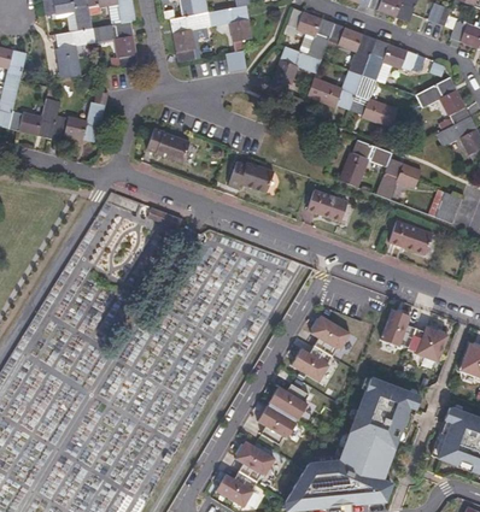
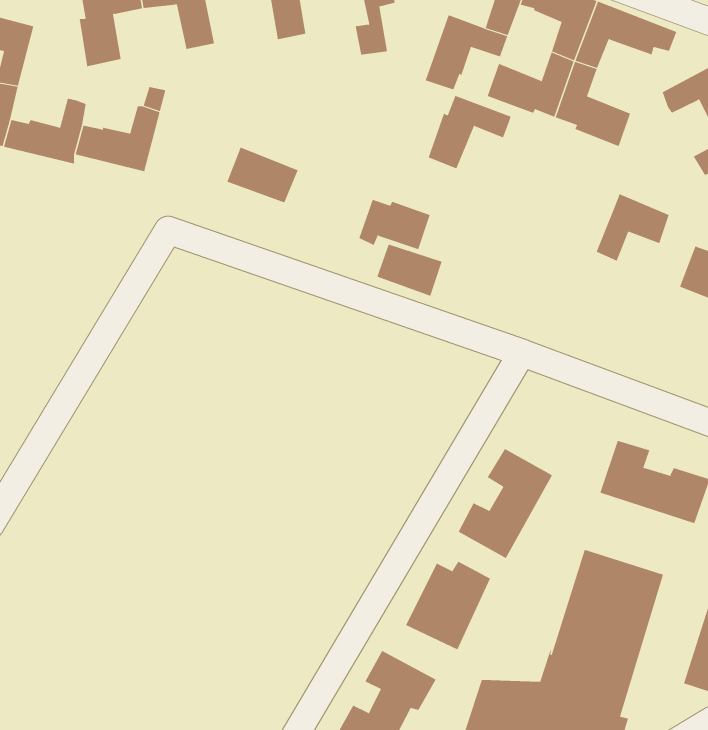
building: [339,140,391,186] -> [428,95,511,169]
building: [306,189,347,222] -> [376,244,443,296]
building: [388,220,432,254] -> none

